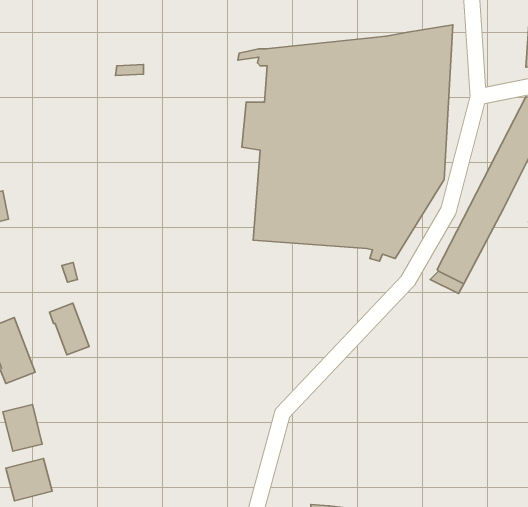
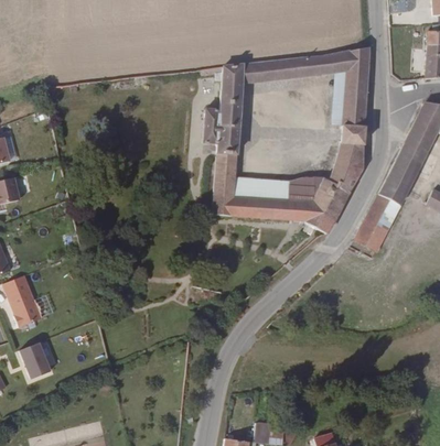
building: [49,303,89,355] -> none
building: [6,459,52,501] -> none

